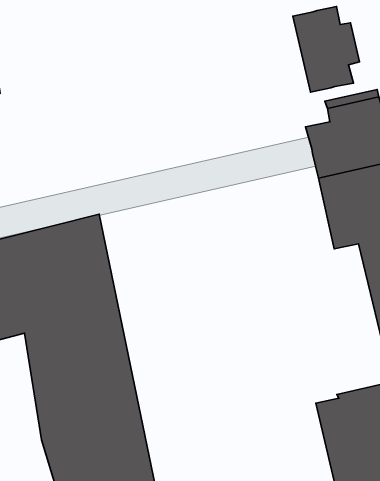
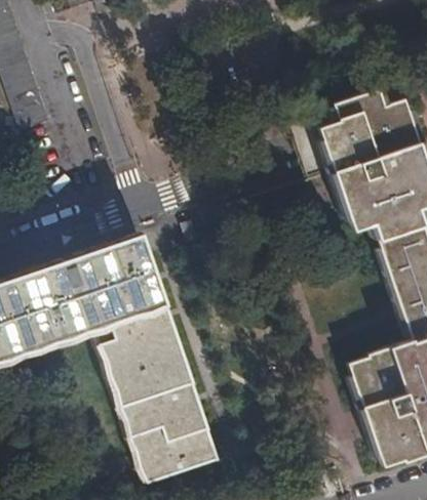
building: [293,7,359,92] -> none

